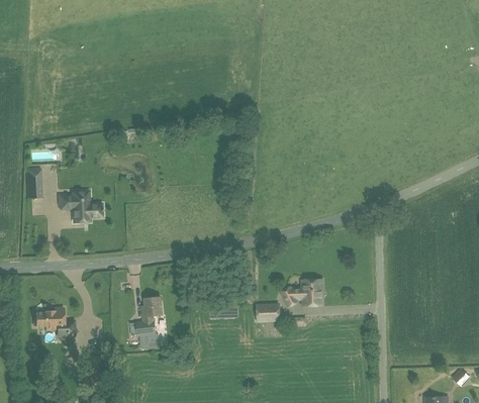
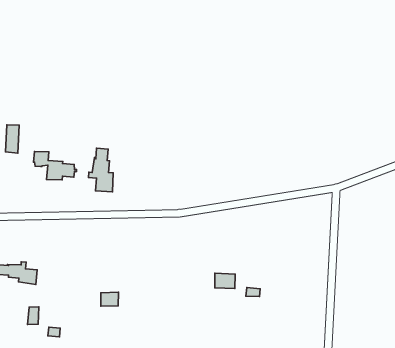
building: none -> [88,148,113,192]
building: [281,278,322,304] -> none
building: [135,296,162,332] -> none

